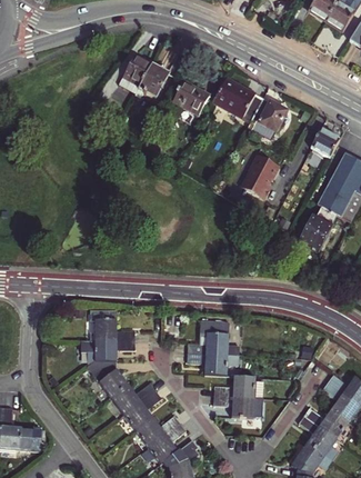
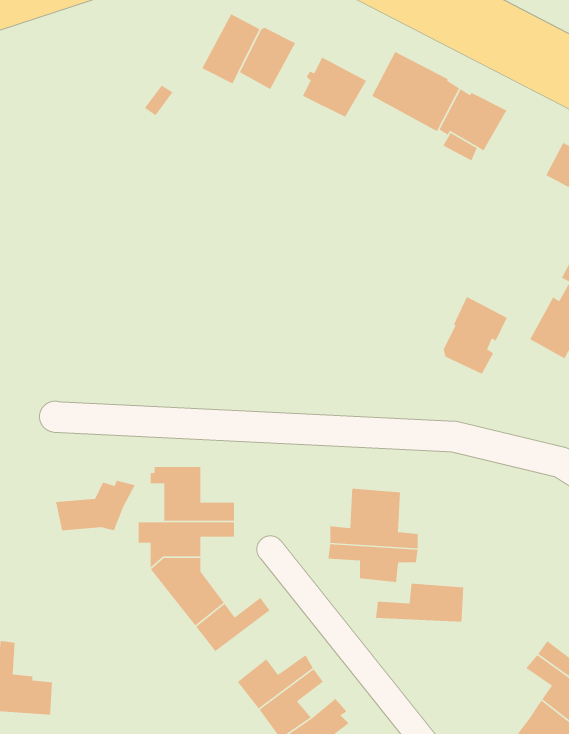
building: [242,153,279,198] -> [443,296,508,375]
building: none -> [55,480,136,531]
building: [123,391,160,431] -> none
building: [213,396,262,418] -> none

